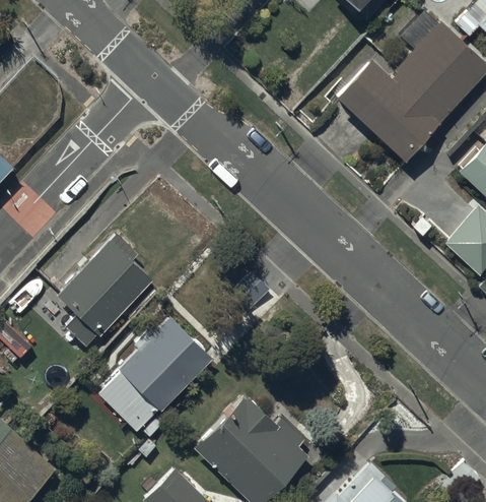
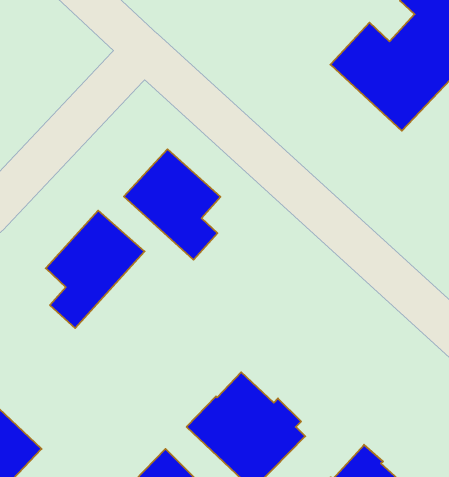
building: none -> [124,149,220,260]
building: [98,317,213,432] -> none

